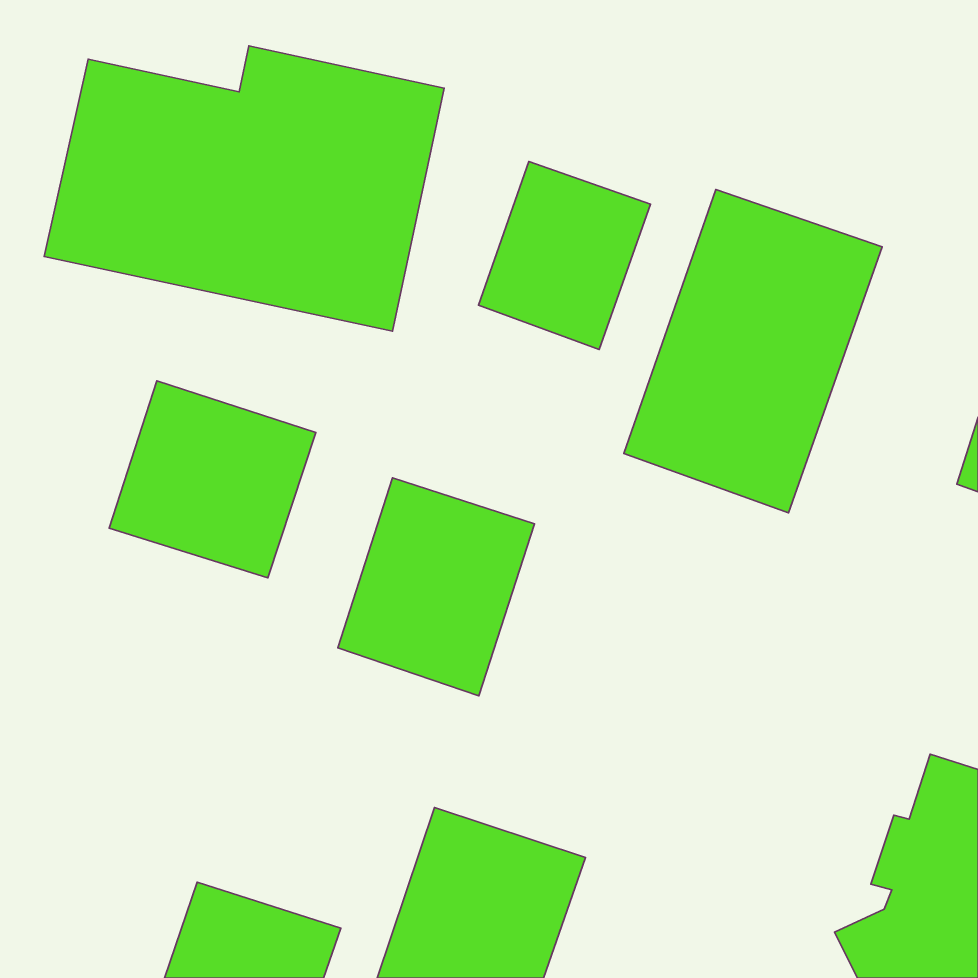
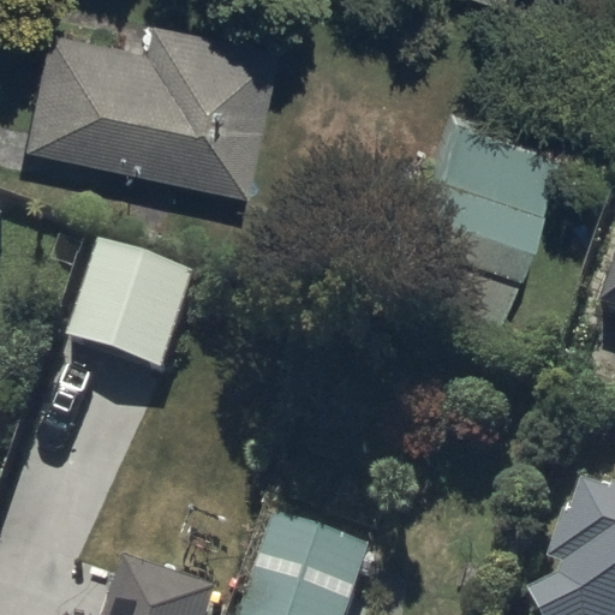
building: [479,162,650,350] -> none
building: [338,478,535,696] -> none

